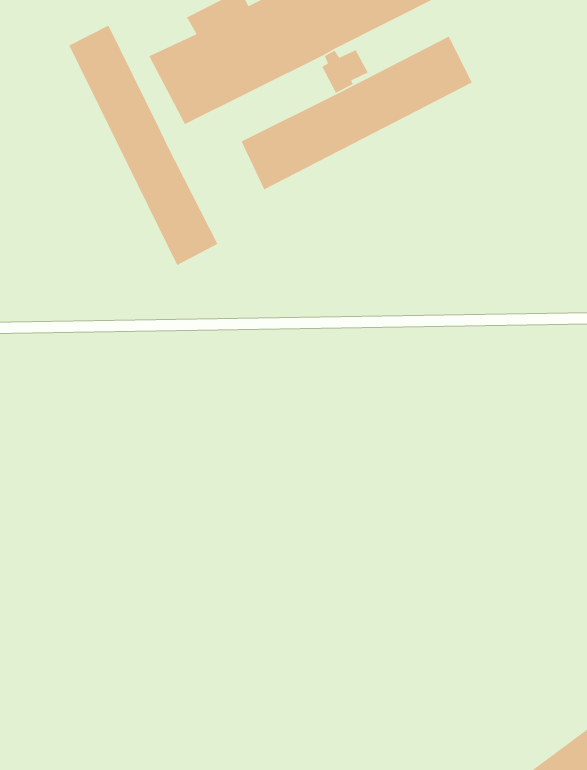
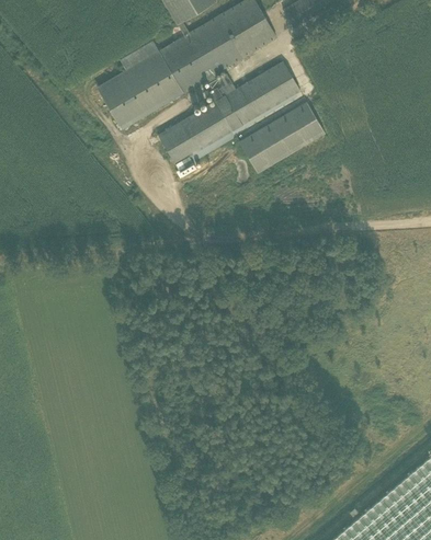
building: [68,25,218,266] -> none
building: none -> [239,103,325,174]

